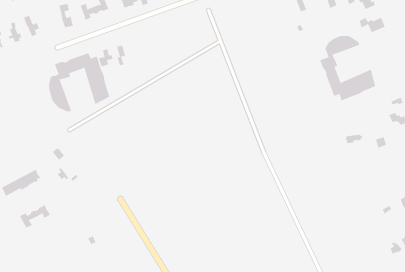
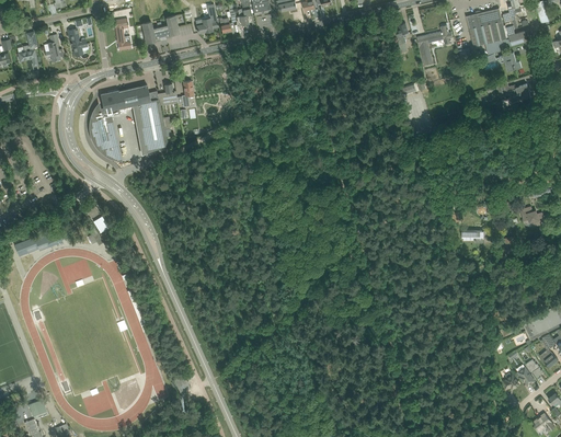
building: [319,35,376,101] -> none
building: [19,204,51,229] -> none

